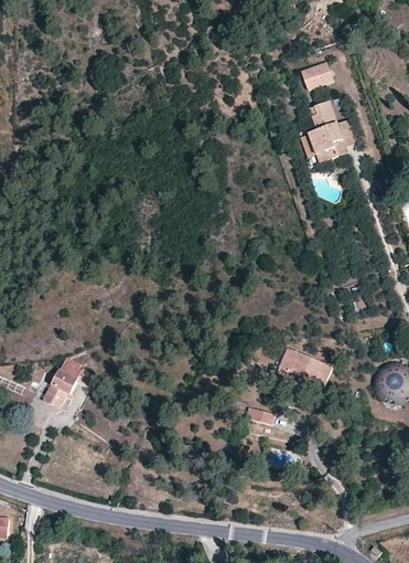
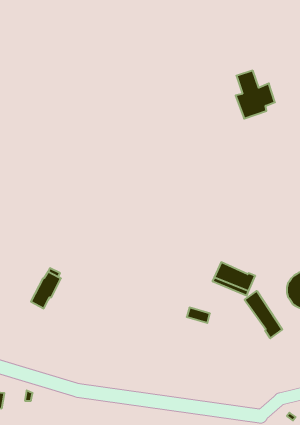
building: [301,60,333,88] -> none
building: none -> [245,291,282,338]

